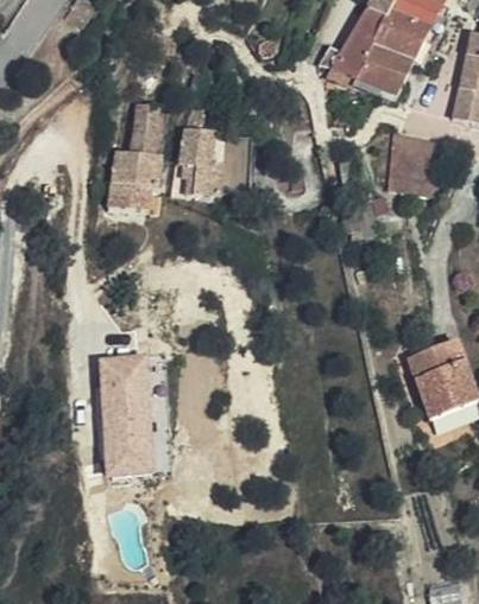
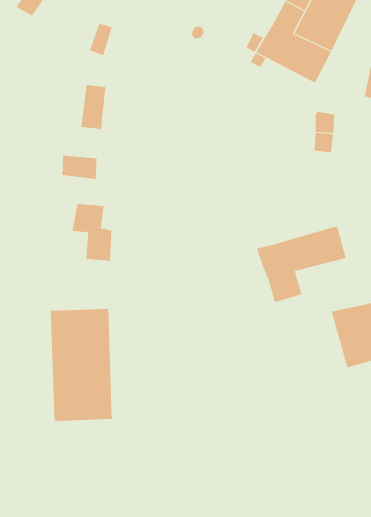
building: [181,131,226,195] -> [72,204,112,261]
building: [114,150,165,187] -> none
building: none -> [256,226,347,303]

